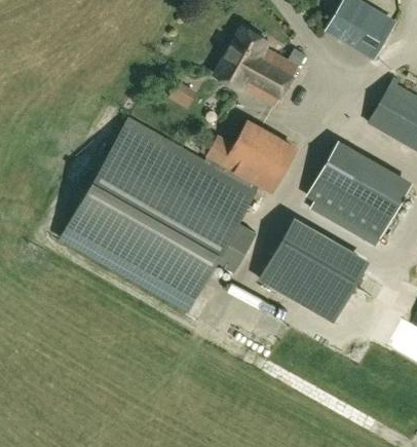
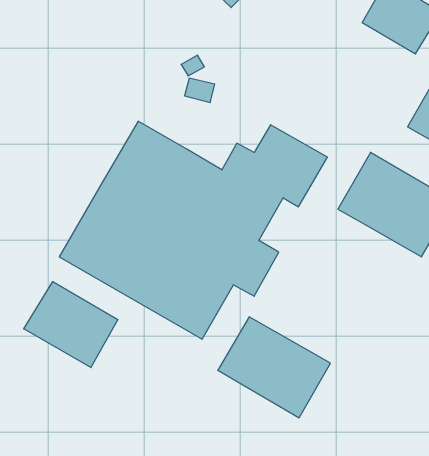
building: [214,26,298,106] -> none
building: [263,223,363,312] -> [218,317,330,418]
building: none -> [24,282,118,368]

